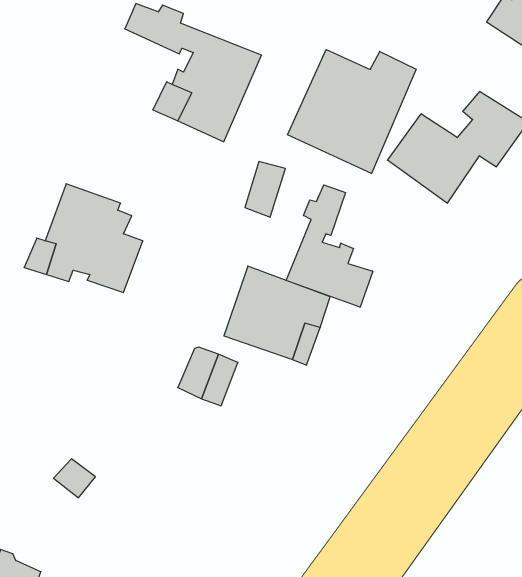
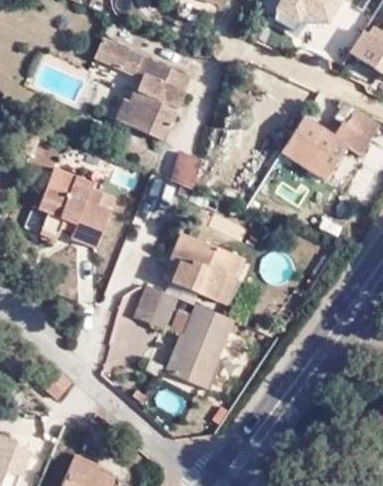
building: [287,50,416,174] -> none
building: [286,185,373,307] -> none
building: none -> [166,302,229,384]

